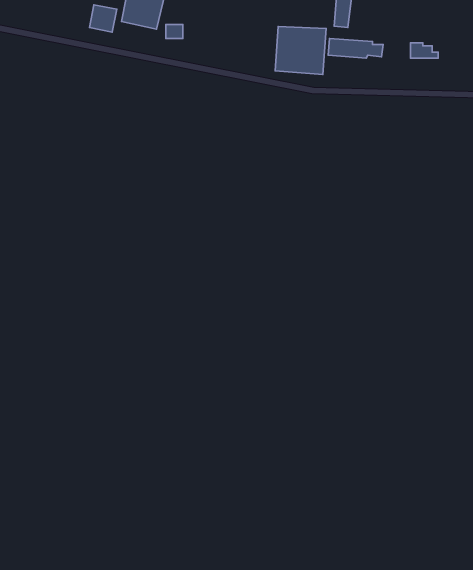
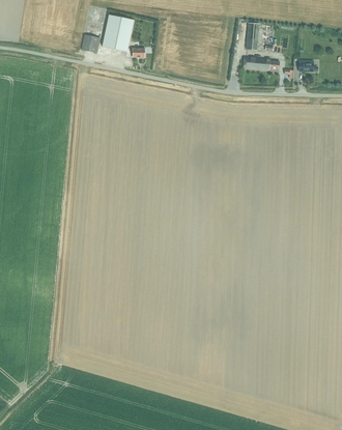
building: [275,26,326,75] -> none

